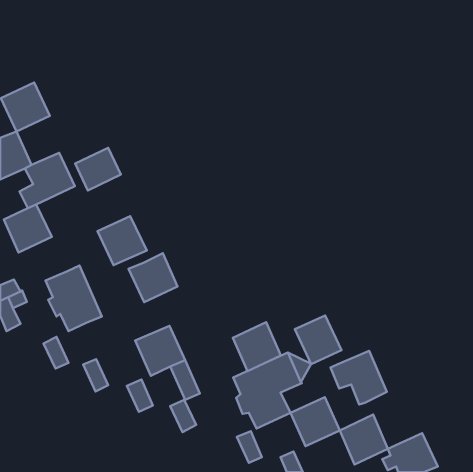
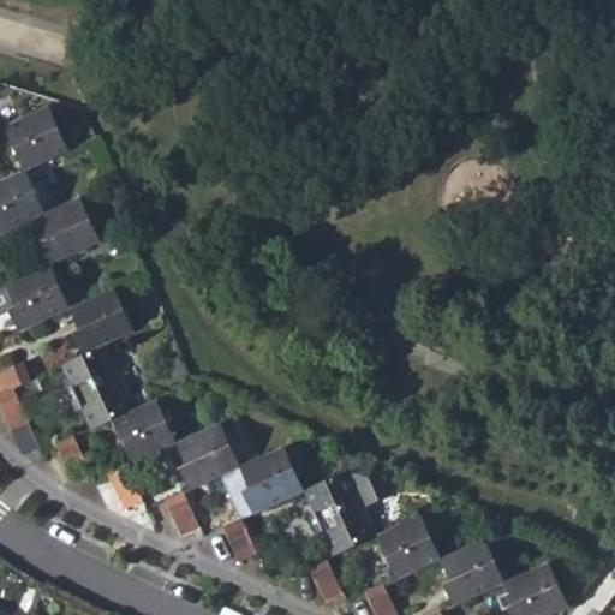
building: [75,148,121,190] -> none
building: [98,216,147,265] -> [67,288,131,352]
building: [129,253,178,302] -> [112,399,175,462]
building: [295,315,342,364] -> none
building: [233,322,281,371] -> [240,447,303,510]
building: [331,351,387,404] -> none

